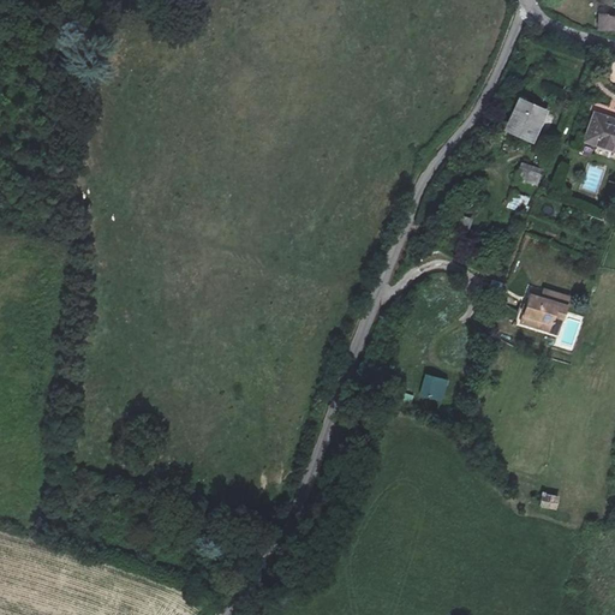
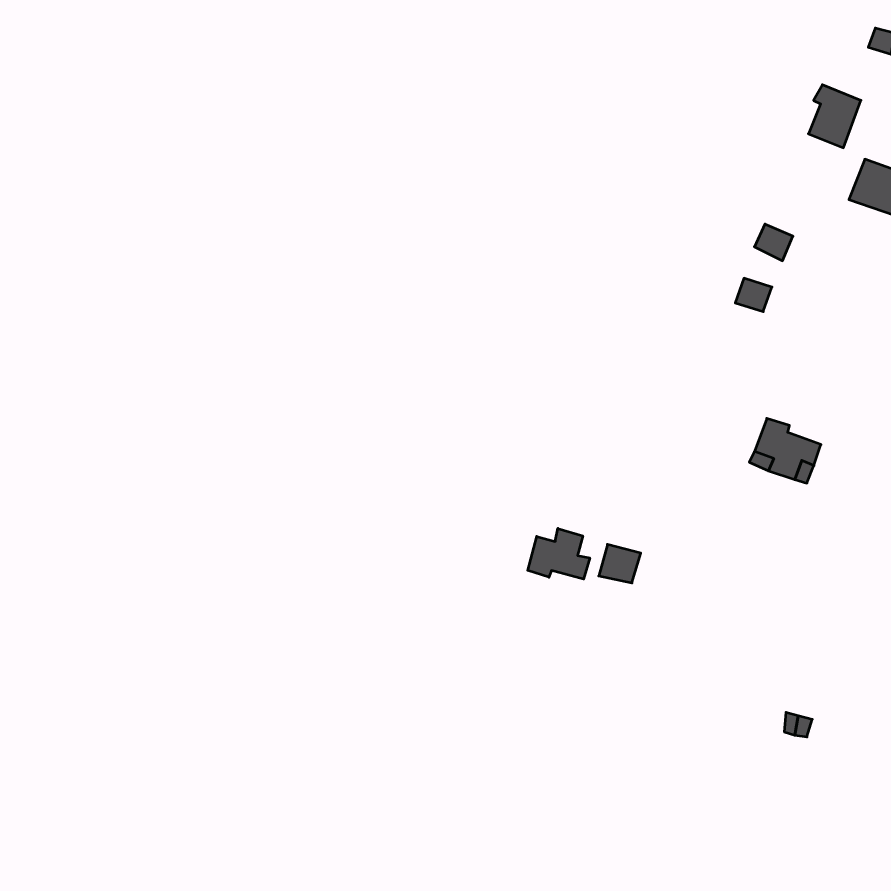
building: [513,96,549,139] -> [808,85,861,148]
building: none -> [528,528,590,579]

